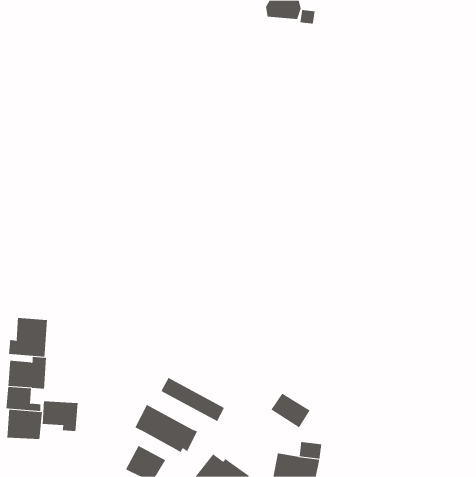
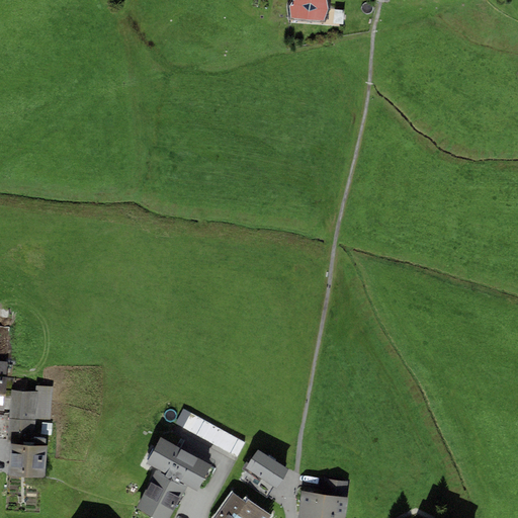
building: [9,317,47,357] -> none
building: [270,393,311,428] -> [245,450,288,489]
building: [42,400,78,432] -> none
building: none -> [149,468,187,499]

